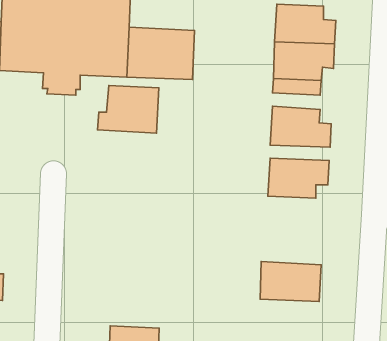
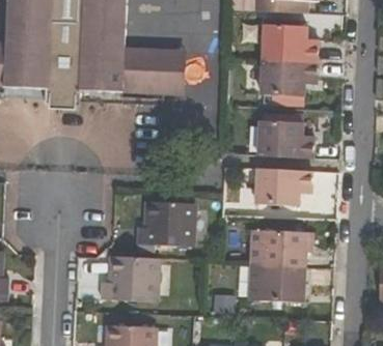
building: [98,86,159,133] -> [136,201,193,246]
building: none -> [249,229,306,267]
building: none -> [101,258,158,299]

